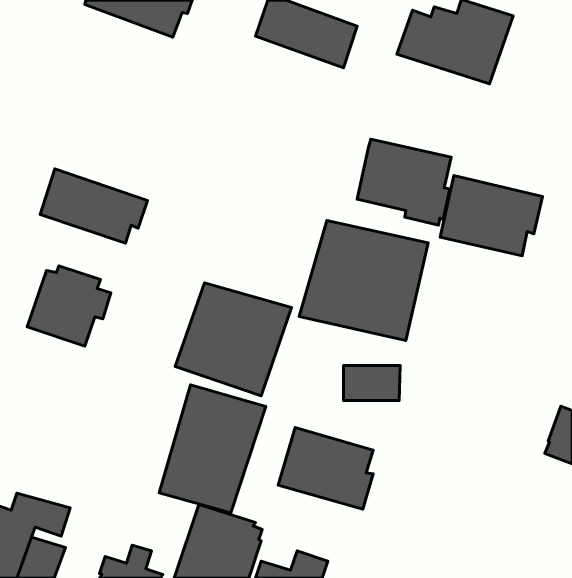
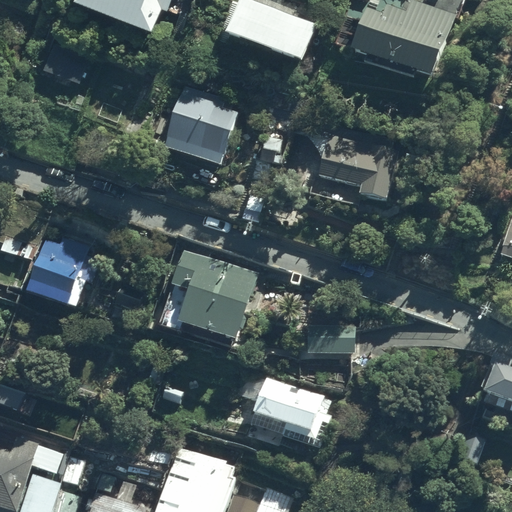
building: none -> [161,87,237,164]
building: [40,169,147,243] -> none
building: [440,176,542,256] -> none
building: [299,220,428,341] -> none
building: [159,385,266,513] -> none

